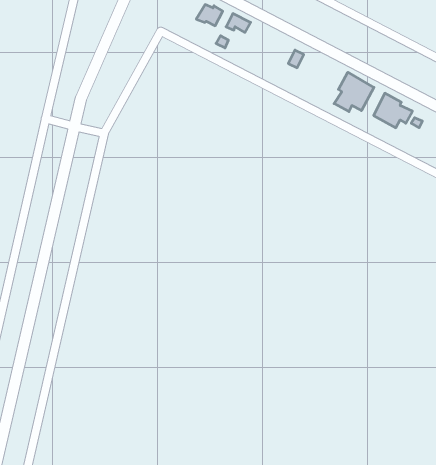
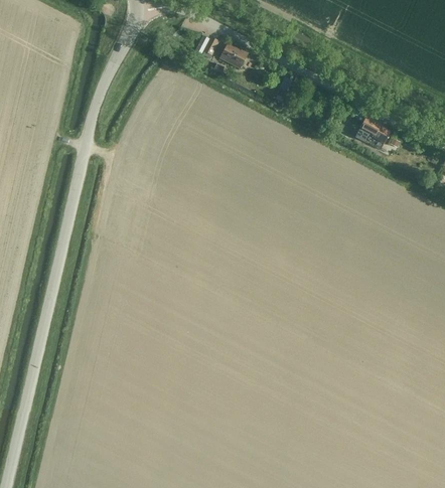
building: [334,72,374,112] -> none

